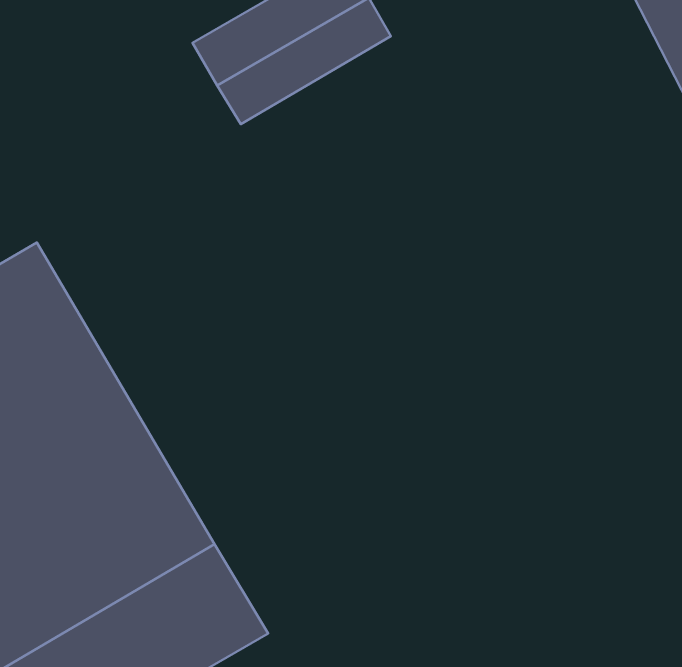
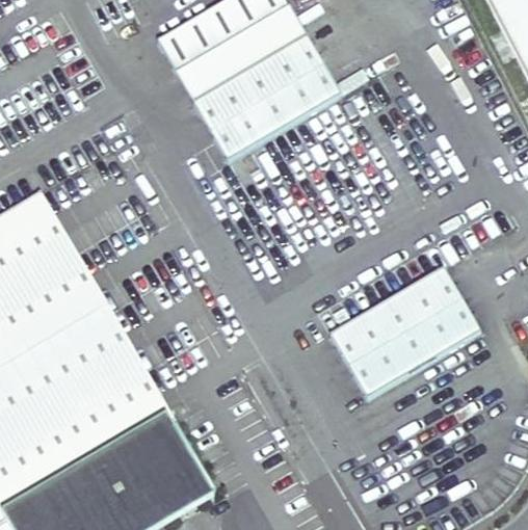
building: none -> [193,34,341,159]
building: none -> [328,267,479,397]

